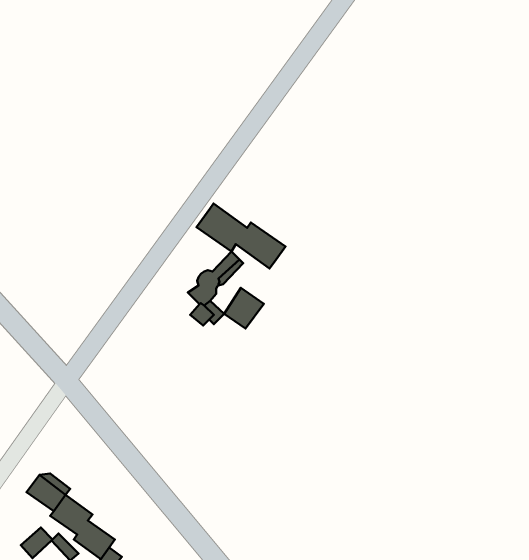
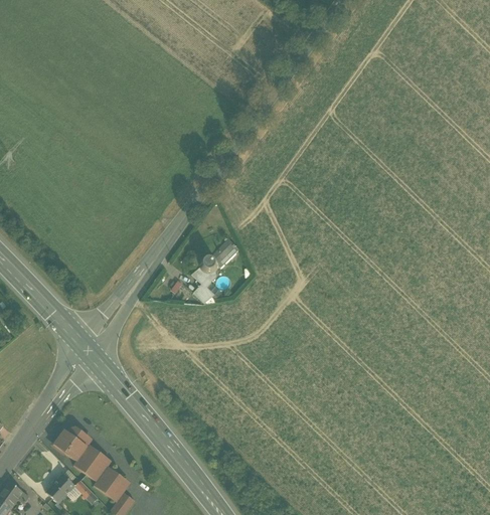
building: [196,203,286,269] -> none
building: [224,288,264,328] -> none

